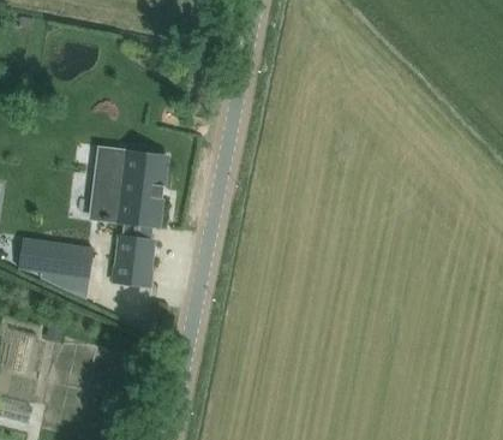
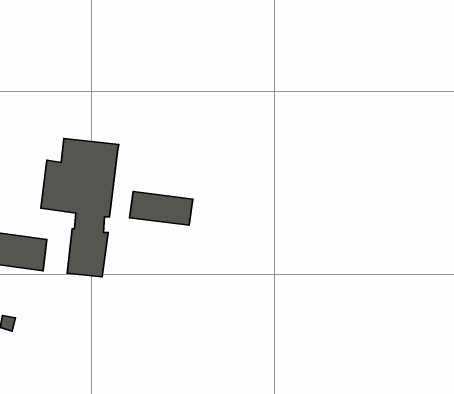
building: none -> [129,192,193,225]

